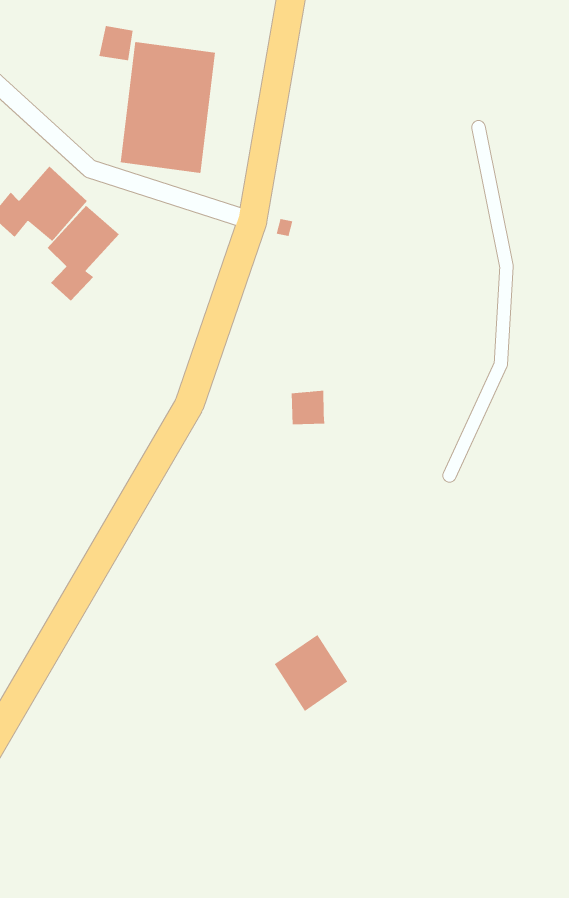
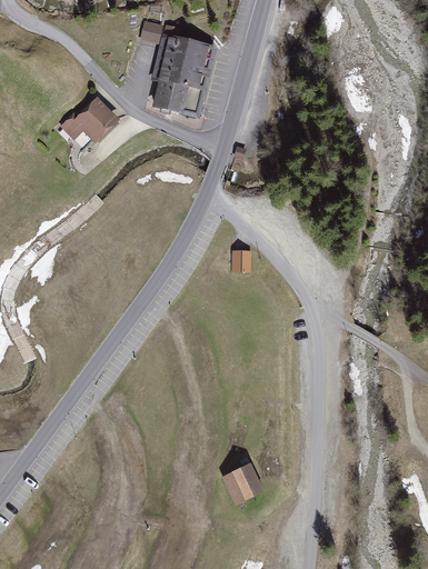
building: [47,205,120,302] -> none
building: [274,634,348,712] -> [222,461,266,507]

